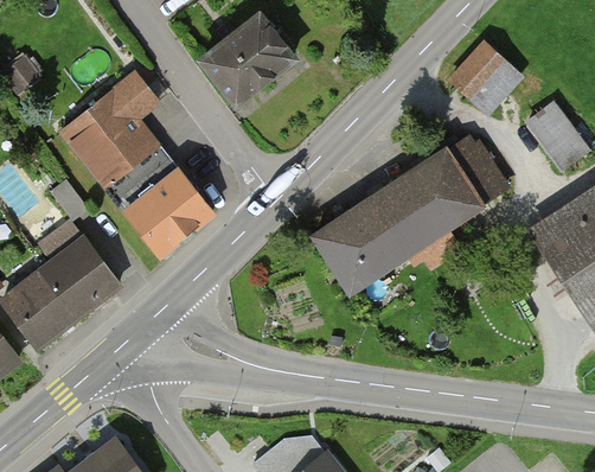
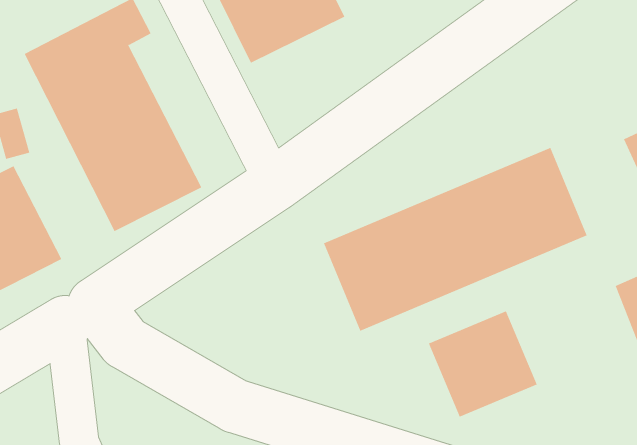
building: [449,44,519,113] -> none
building: none -> [428,311,538,417]

